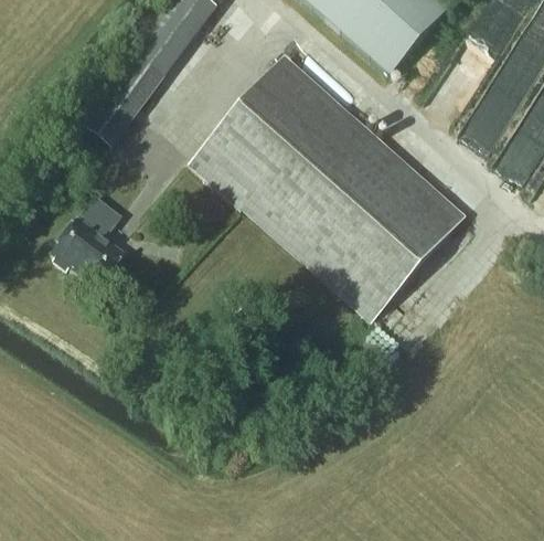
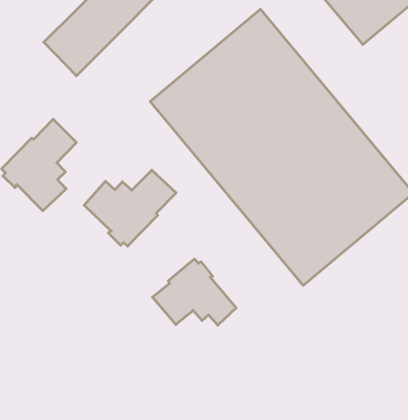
building: none -> [84,170,176,246]
building: none -> [152,259,236,325]

